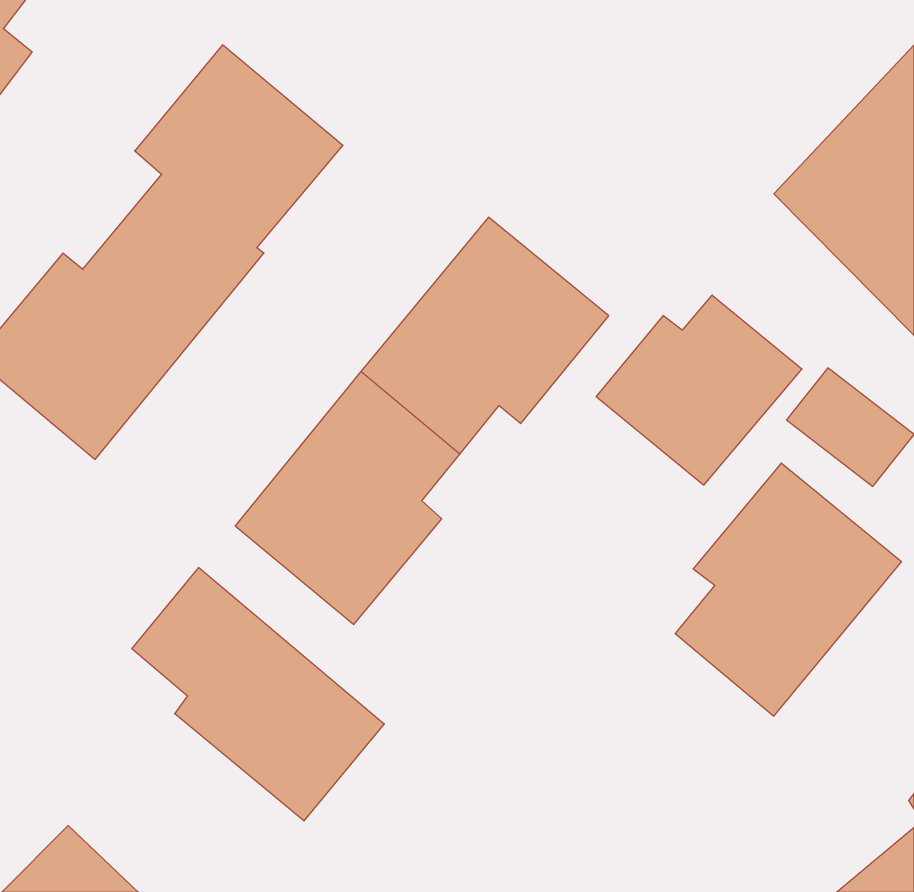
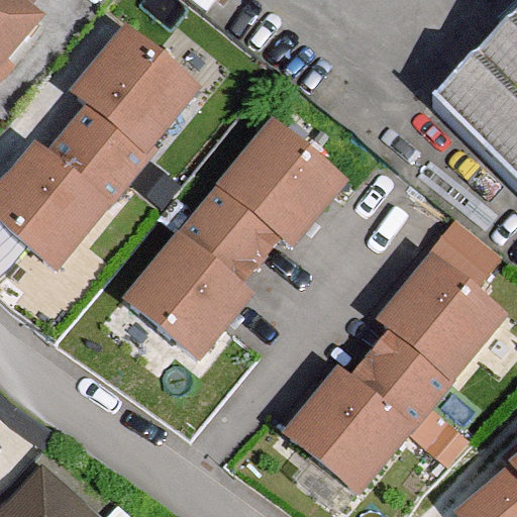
building: [596,295,802,485] -> none
building: [132,568,384,821] -> none
building: none -> [296,356,435,489]

